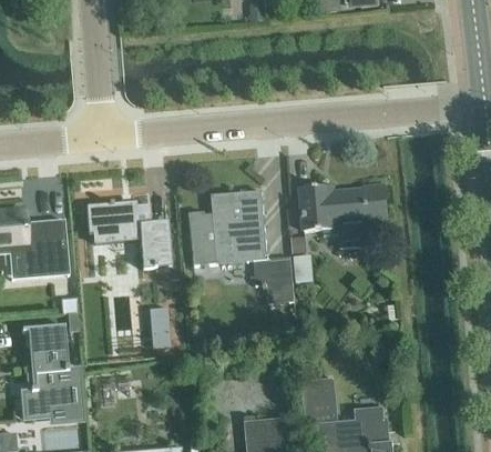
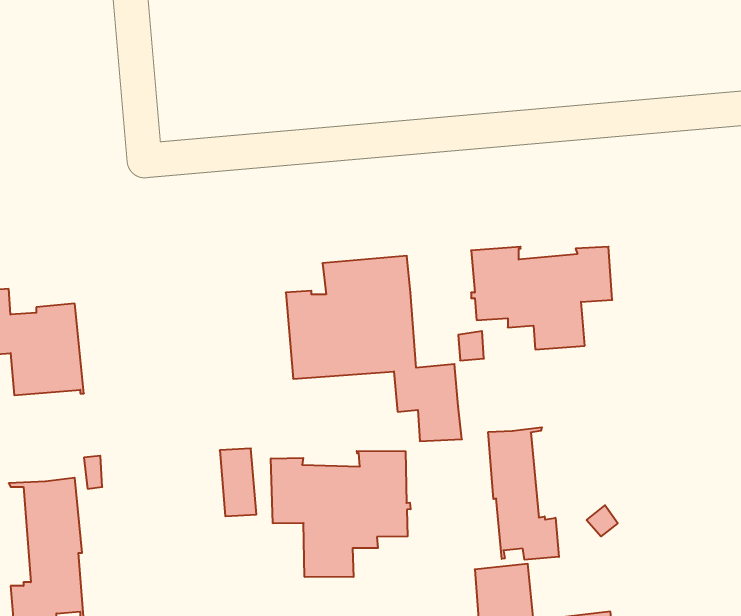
building: [86,201,171,269] -> none
building: none -> [488,427,559,560]
building: none -> [271,451,411,577]

